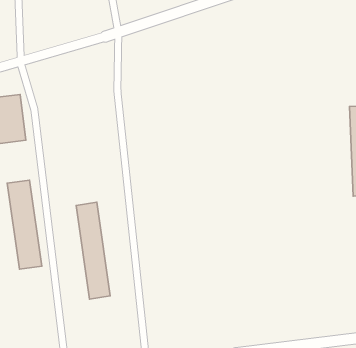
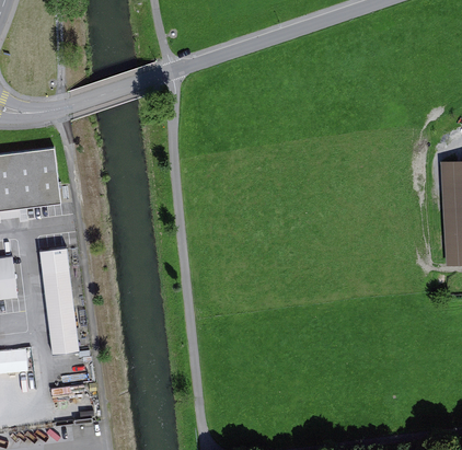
building: [76,202,110,299] -> none

